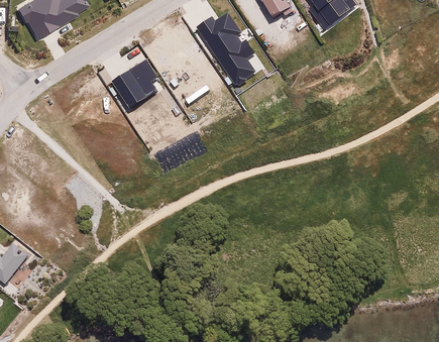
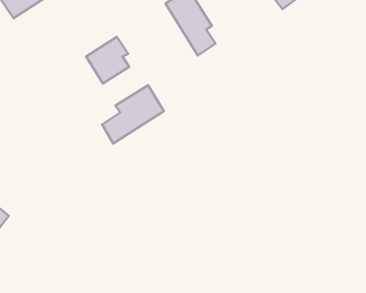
building: none -> [102,85,164,144]

